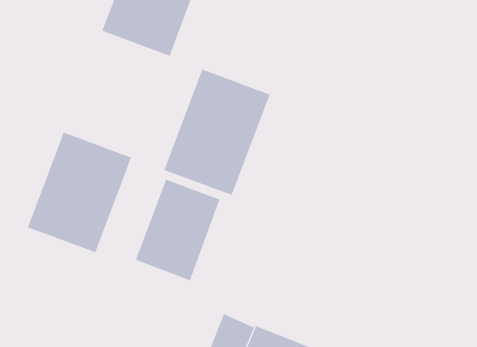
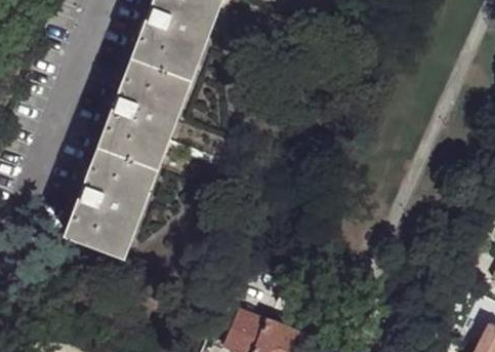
building: [163,69,270,196] -> [96,60,191,171]
building: [135,179,220,281] -> none

